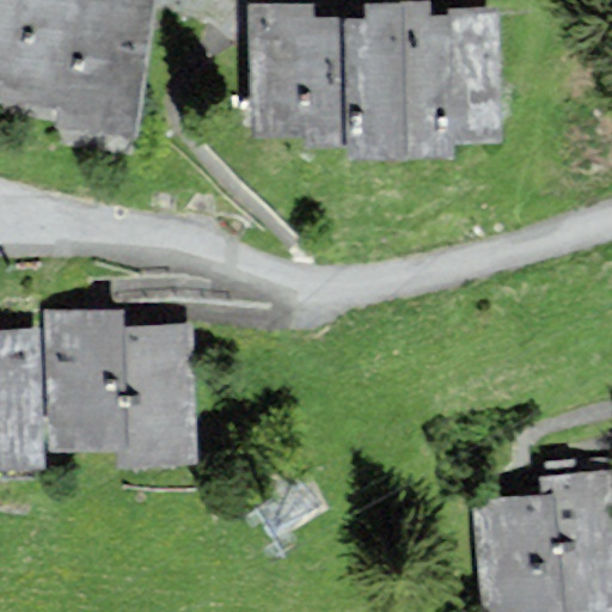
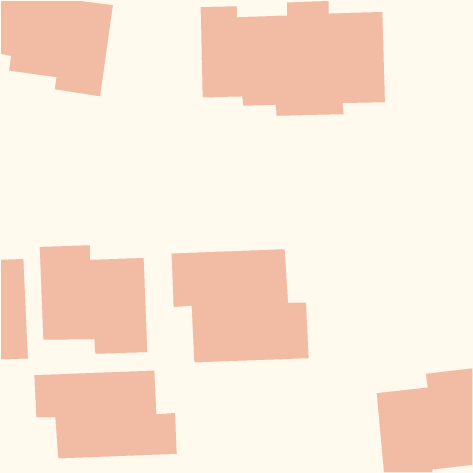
building: none -> [171,248,309,363]
building: none -> [34,370,178,459]

